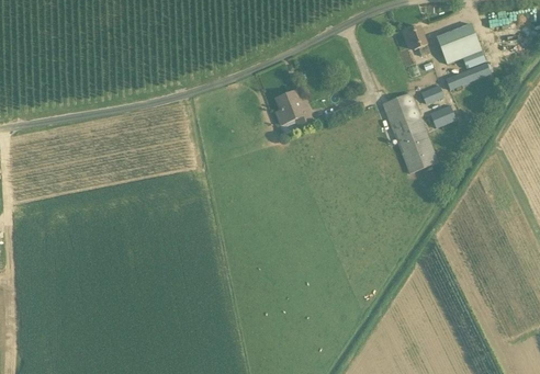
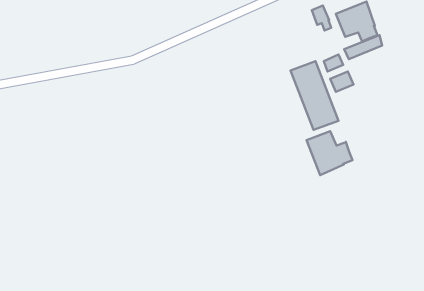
building: [275,89,313,126] -> none
building: none -> [307,131,353,175]

